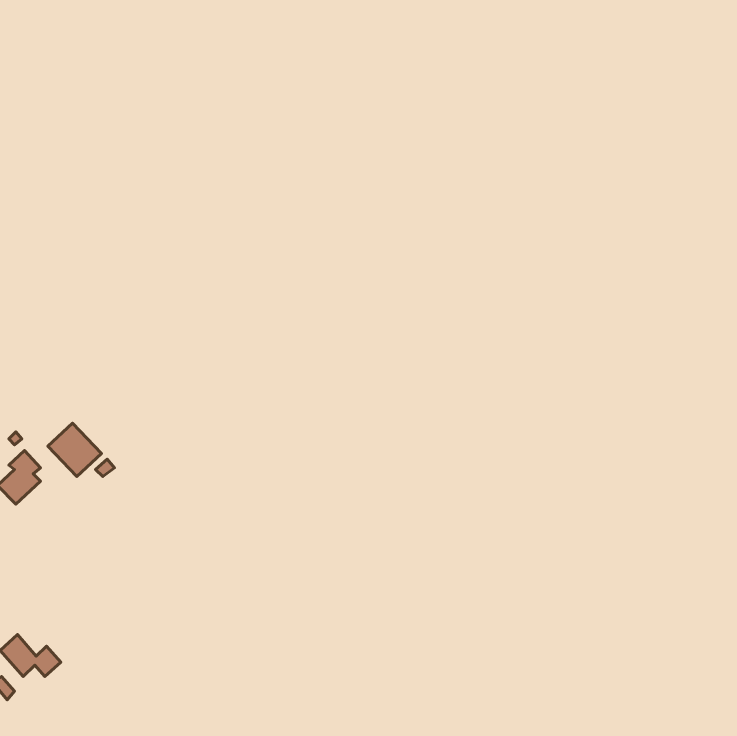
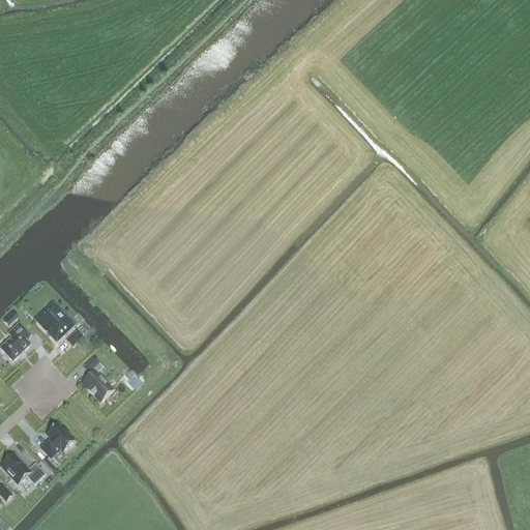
building: none -> [81,357,112,402]
building: none -> [39,423,72,457]

